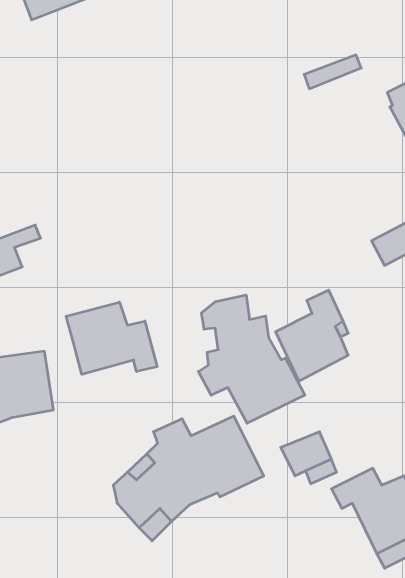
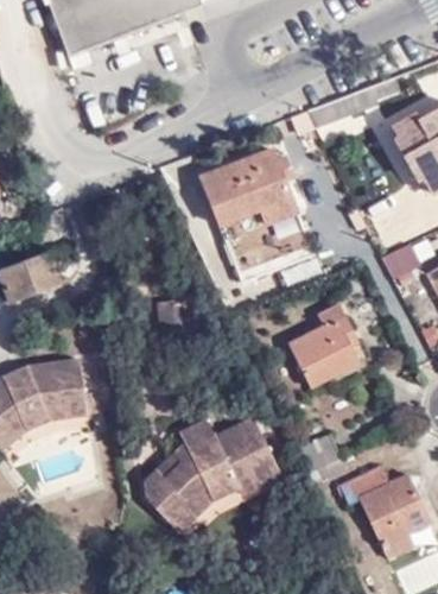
building: none -> [203,148,313,279]
building: [198,295,305,423] -> none
building: [66,302,157,374] -> none

